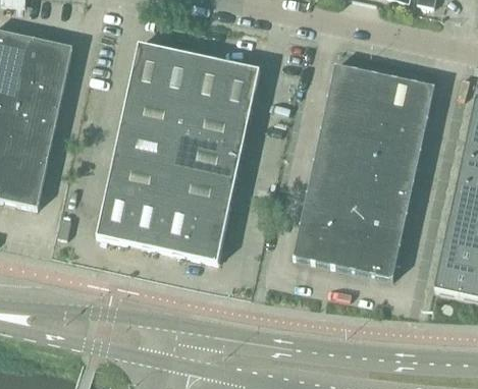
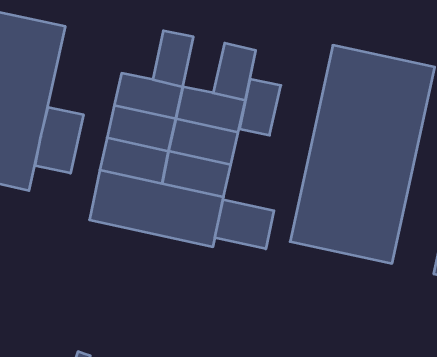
building: [127,42,168,97] -> none
building: [188,55,228,110] -> [239,79,281,135]
building: none -> [35,107,83,173]
building: none -> [215,199,274,249]

